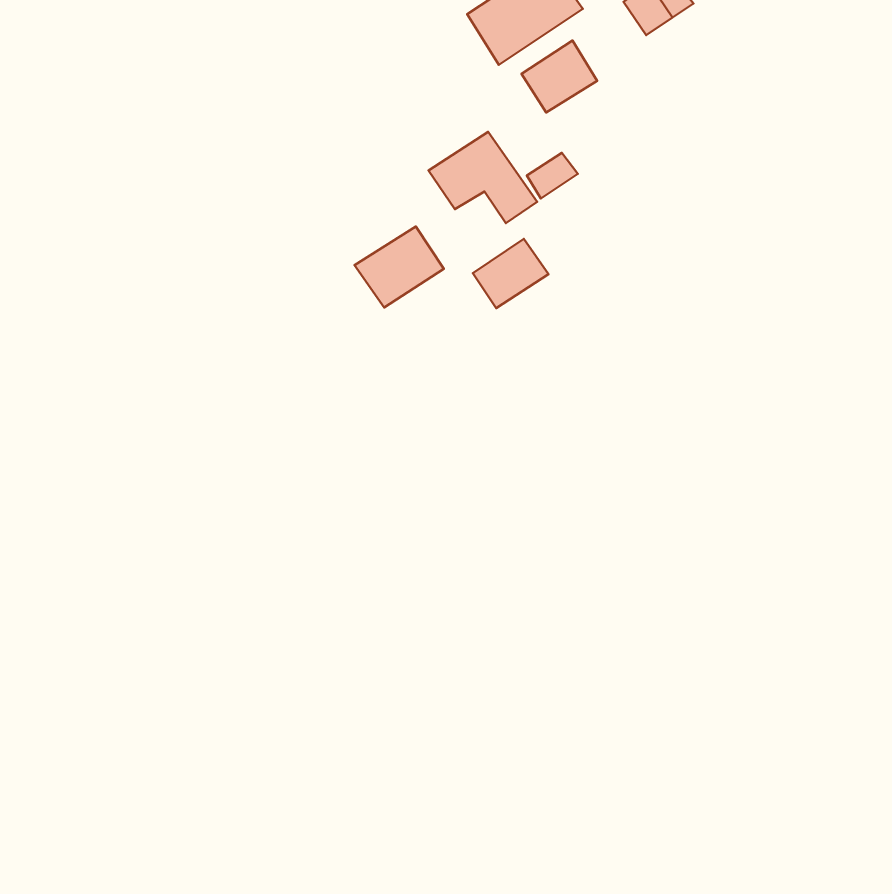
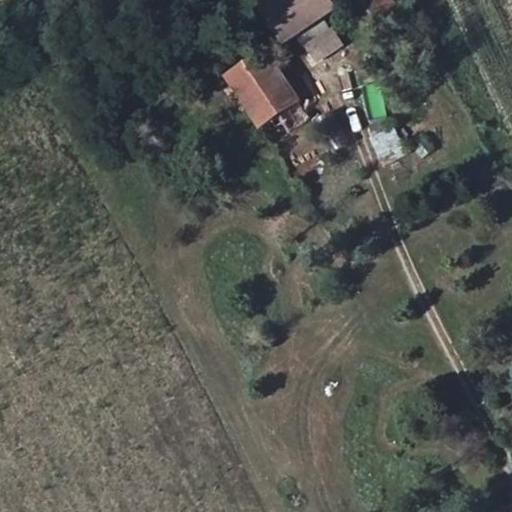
building: [354,227,444,307] -> [227,51,278,97]
building: [473,239,548,308] -> none

